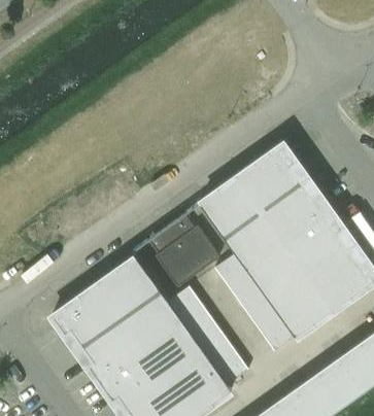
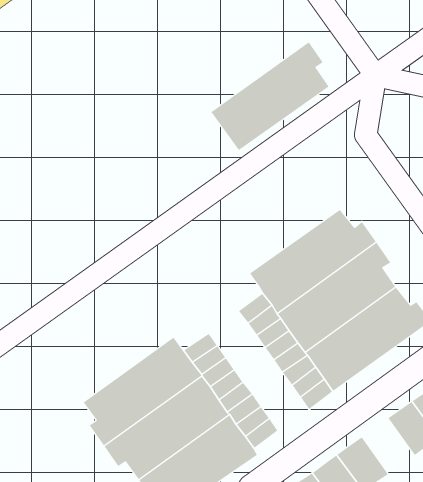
building: [201,143,302,236] -> [211,42,330,151]
building: [152,213,219,286] -> none
building: [54,255,161,345] -> none
building: [320,358,365,406] -> none

